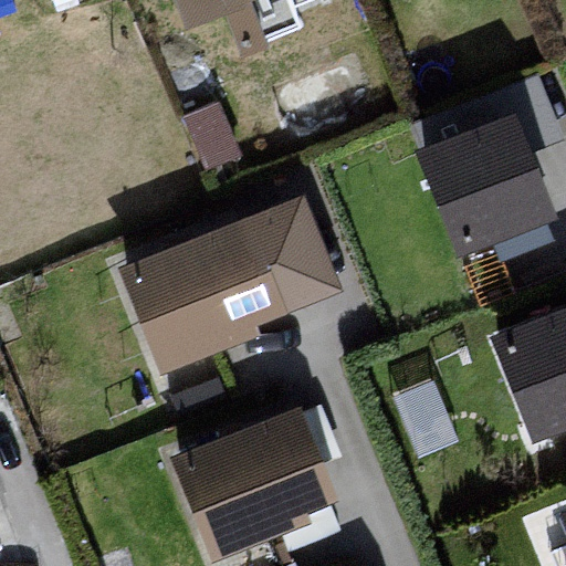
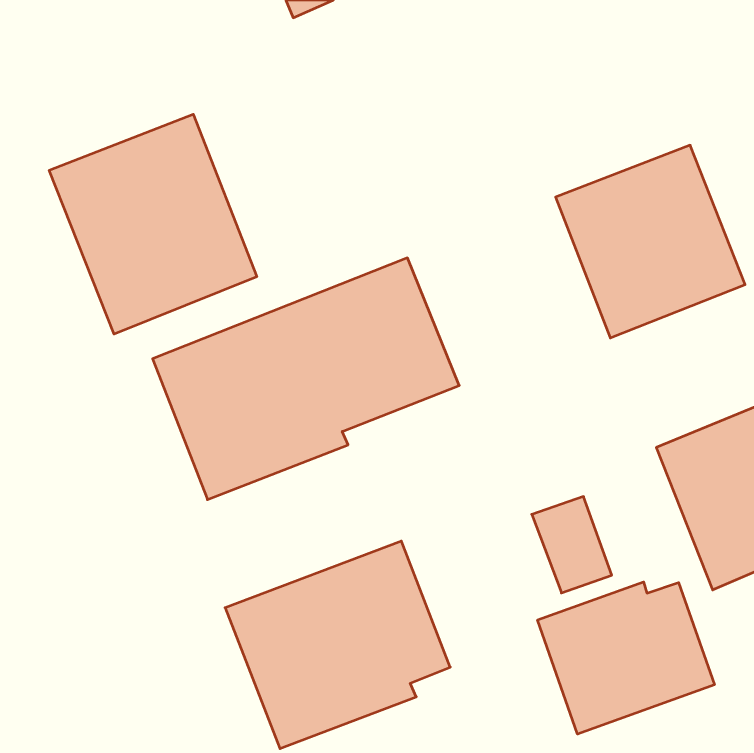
building: none -> [49,114,257,334]
building: none -> [538,582,714,734]

